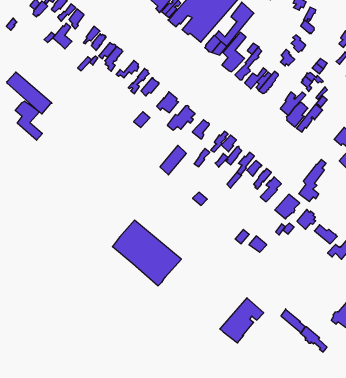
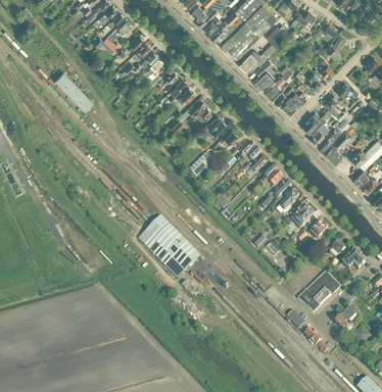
building: [15,101,42,140] -> none
building: [299,159,326,202] -> [326,125,353,162]
building: [220,298,264,343] -> [298,272,340,312]

